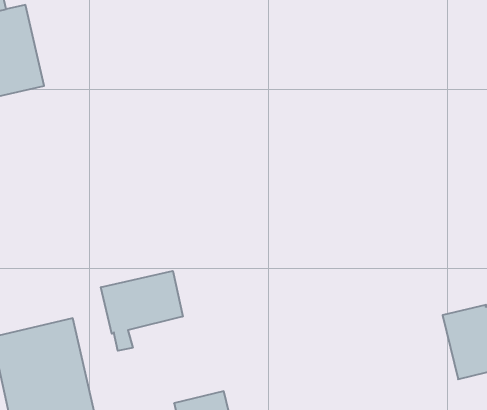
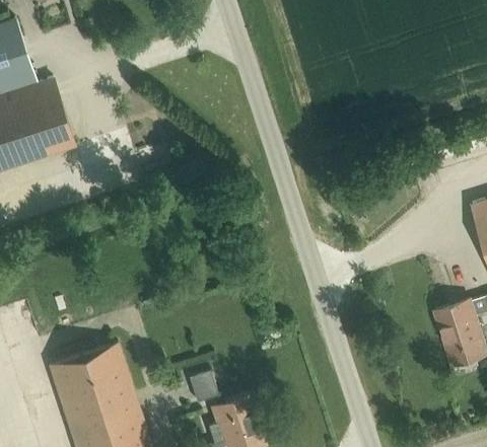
building: [101,271,183,351] -> none
building: none -> [189,371,218,403]

